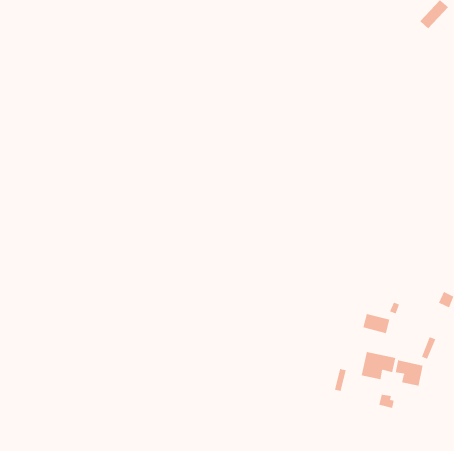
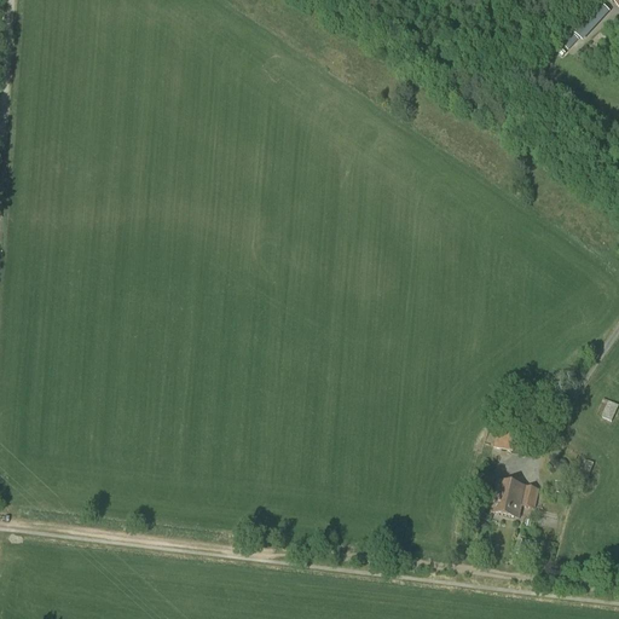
building: [395,359,423,387] -> none

